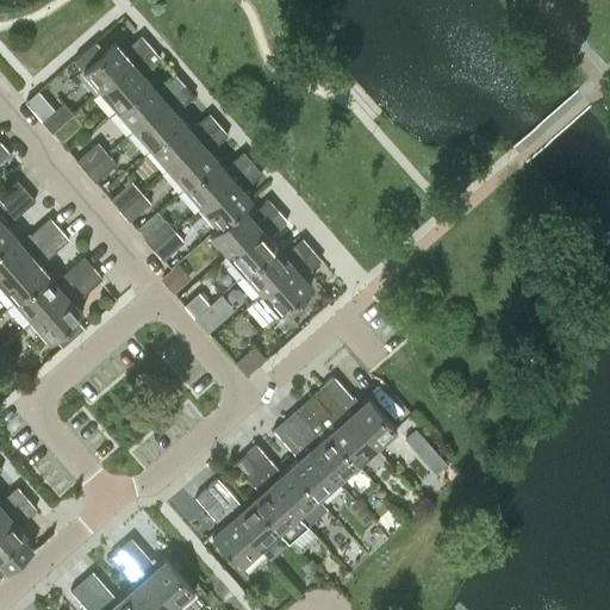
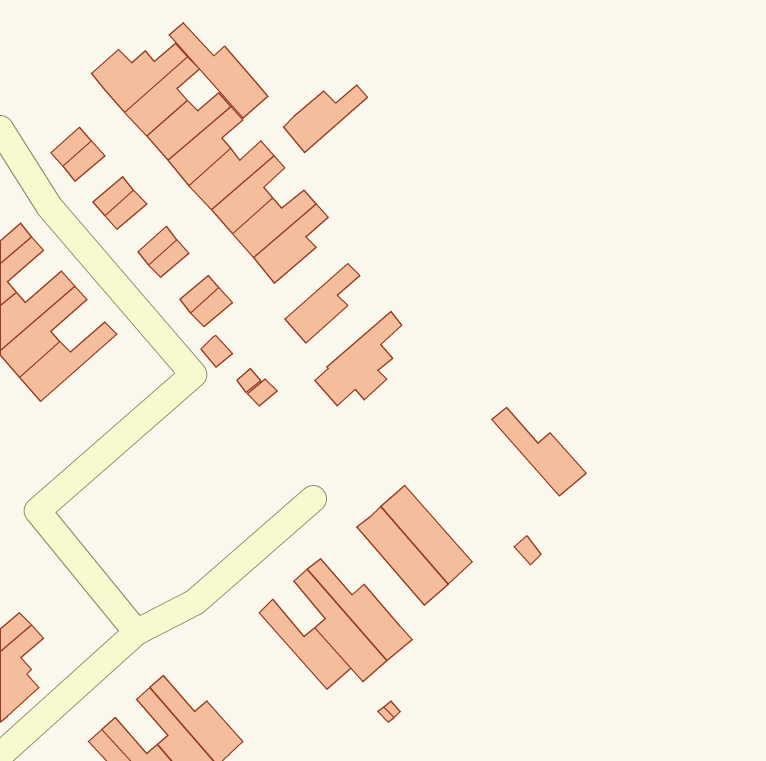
building: none -> [169,23,268,118]
building: [210,204,276,257] -> [283,85,367,153]
building: [243,241,311,295] -> none
building: [32,269,102,343] -> none
building: [322,380,397,450] -> [492,407,586,496]
building: [273,423,337,502] -> none
building: [195,491,260,569] -> none

